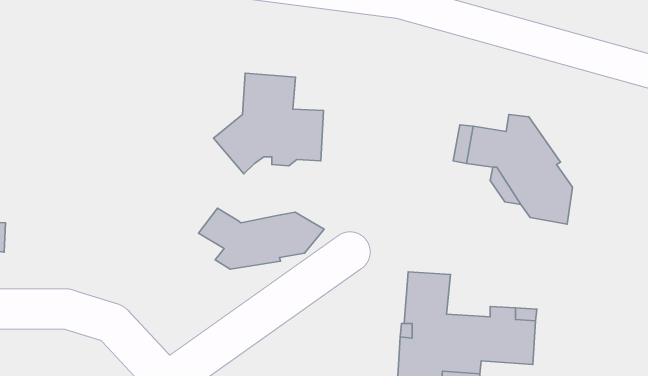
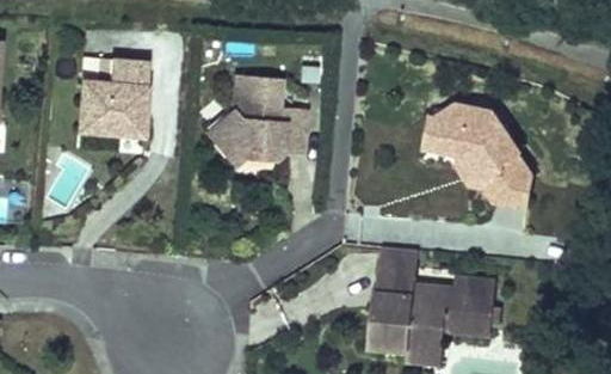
building: none -> [76,55,147,130]
building: [199,208,324,269] -> none

